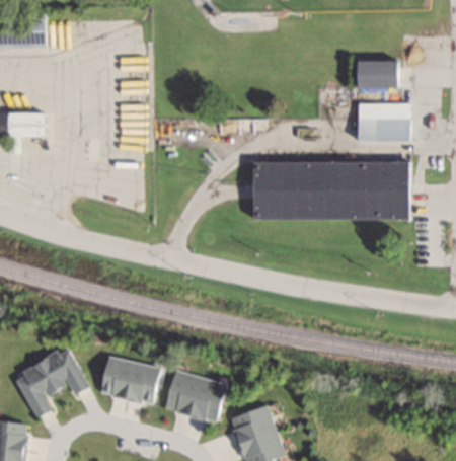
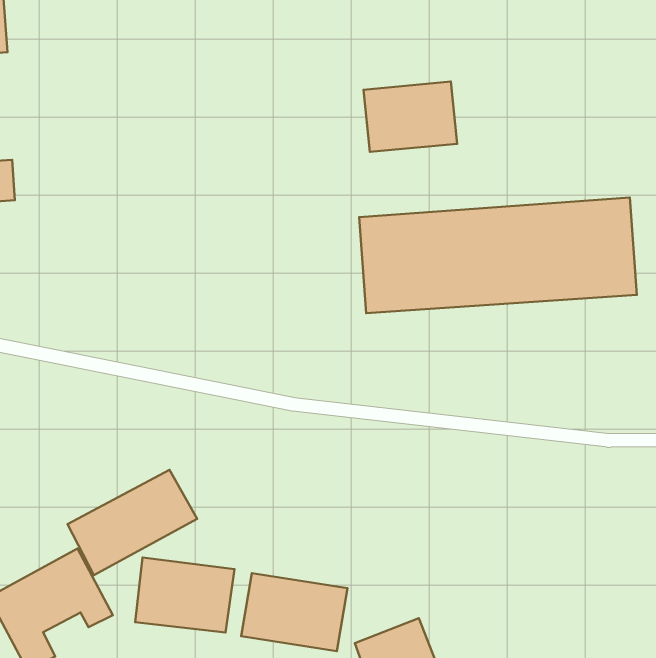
building: [360,60,402,87] -> none
building: [358,101,411,140] -> [364,82,457,152]
building: none -> [68,470,197,575]

